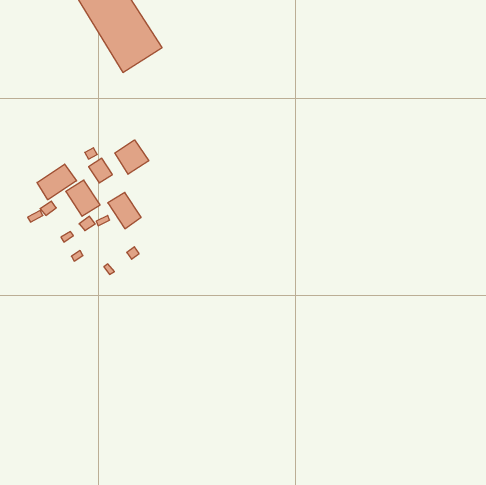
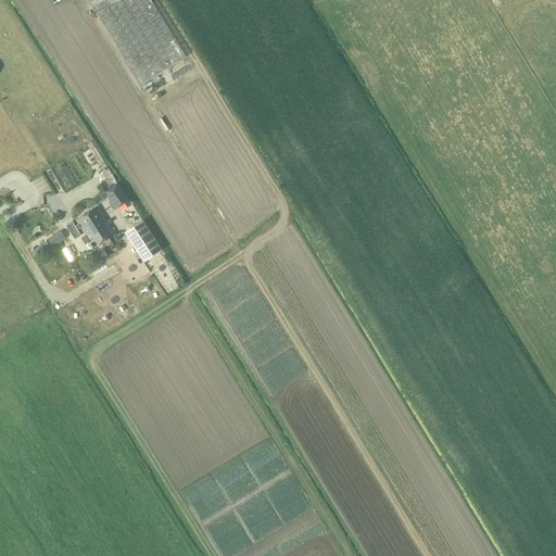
building: [115,140,149,174] -> none
building: [37,164,77,200] -> none

